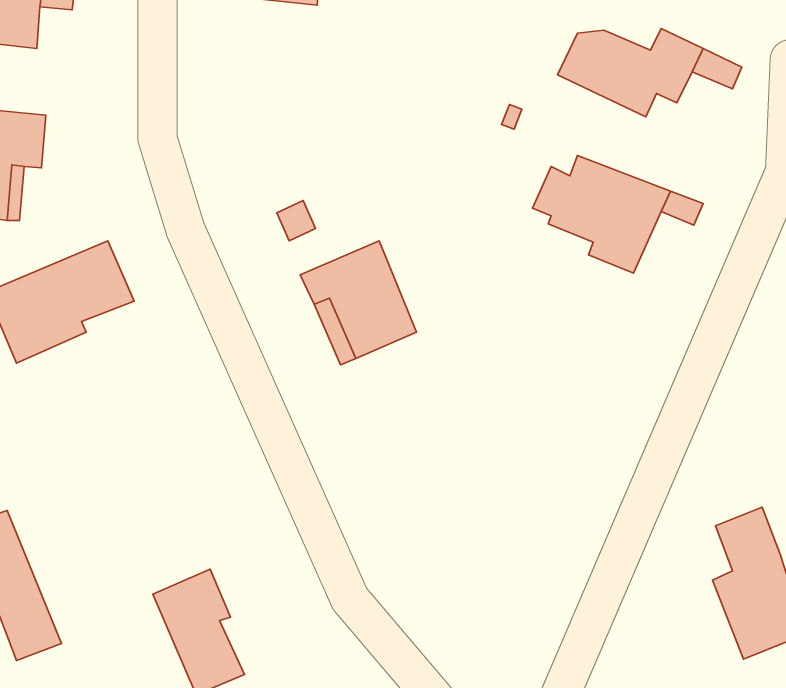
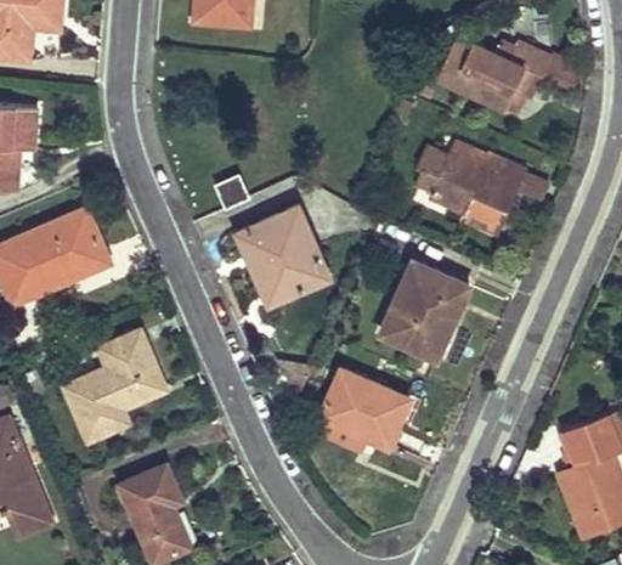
building: none -> [383,261,471,358]
building: none -> [66,332,168,441]
building: none -> [316,371,412,457]

